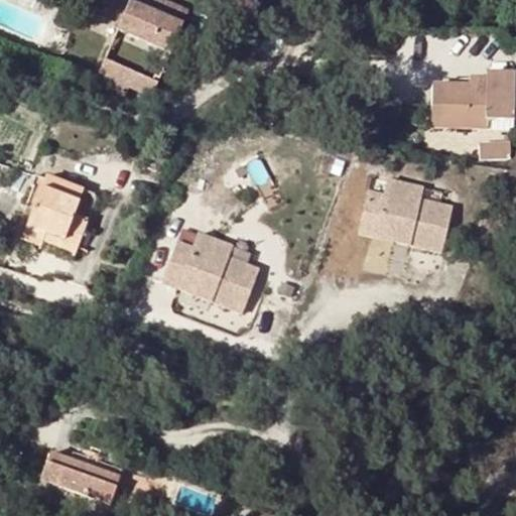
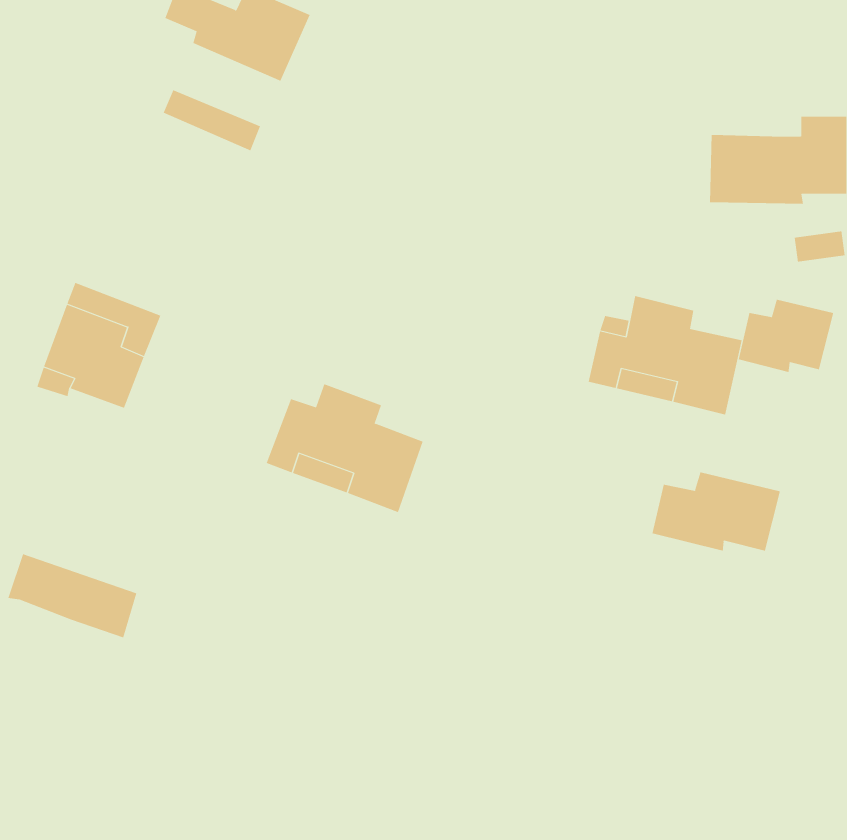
building: none -> [738,299,834,373]
building: none -> [652,471,781,552]
building: [41,448,120,500] -> [7,553,137,638]

